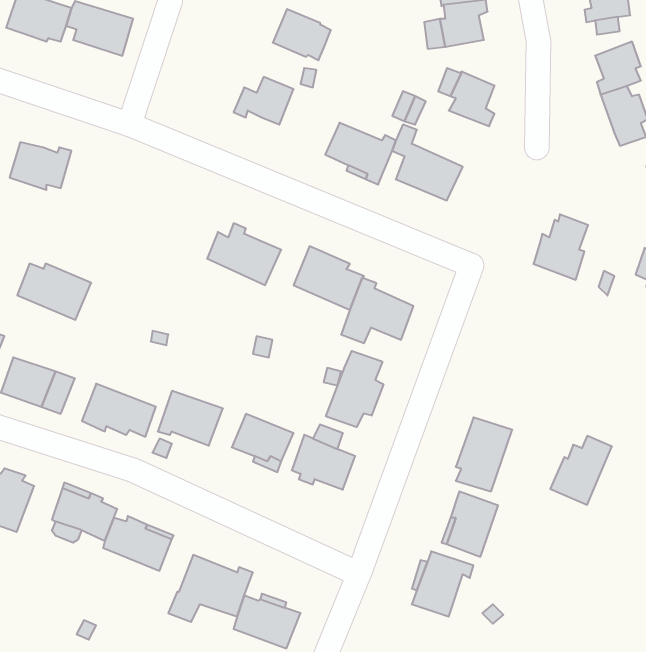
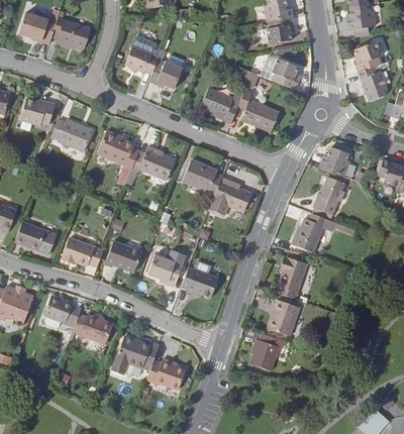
building: [273,9,331,60] -> [125,45,159,75]
building: none -> [97,129,139,171]
building: [17,264,91,320] -> [50,119,93,151]
building: none -> [314,178,347,214]
building: [326,351,383,427] -> none
building: [550,436,612,505] -> [292,213,327,252]

